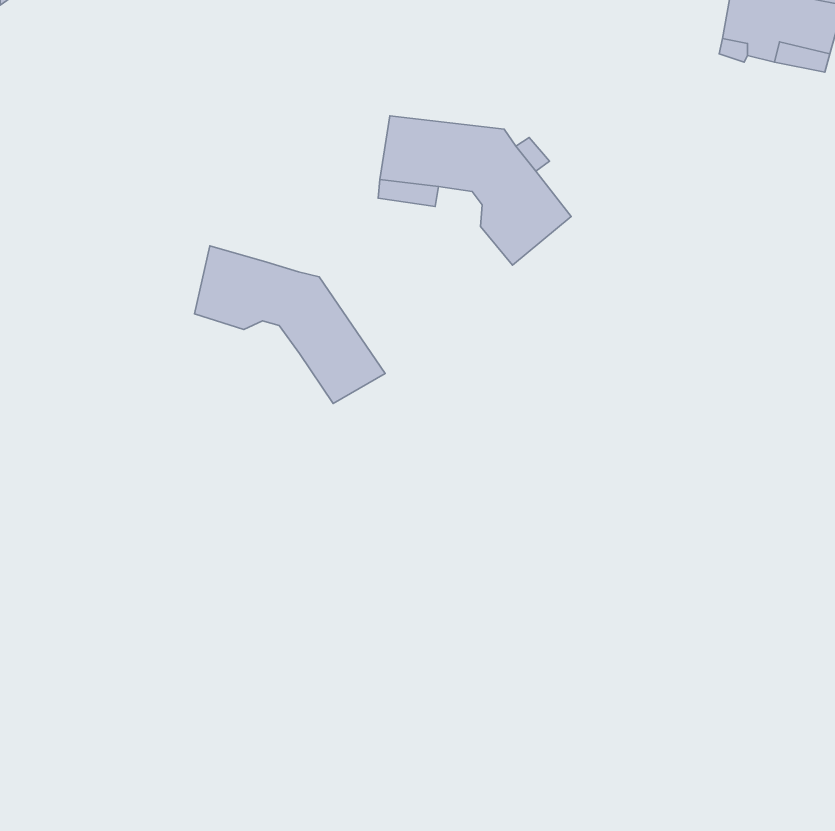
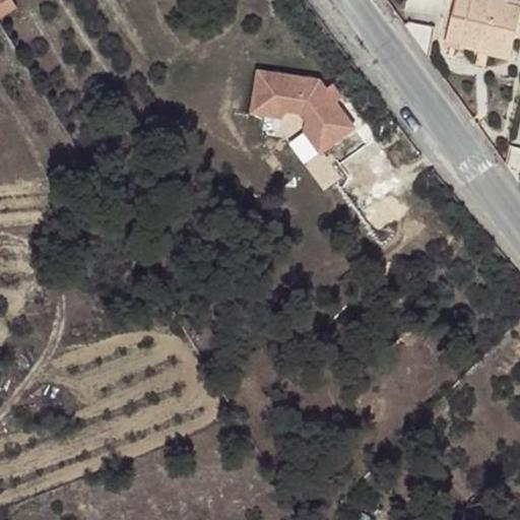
building: [194,246,385,403] -> none

